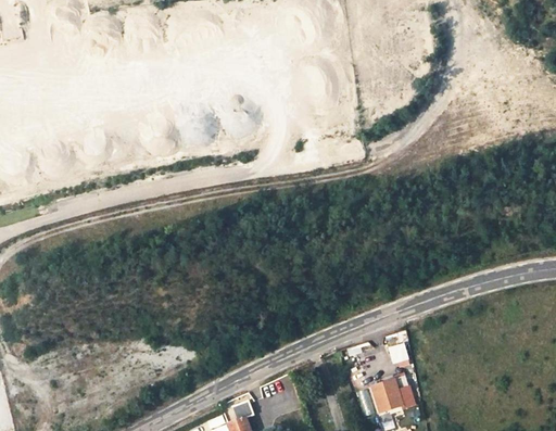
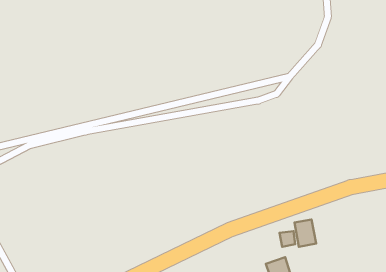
building: none -> [295,220,316,247]

